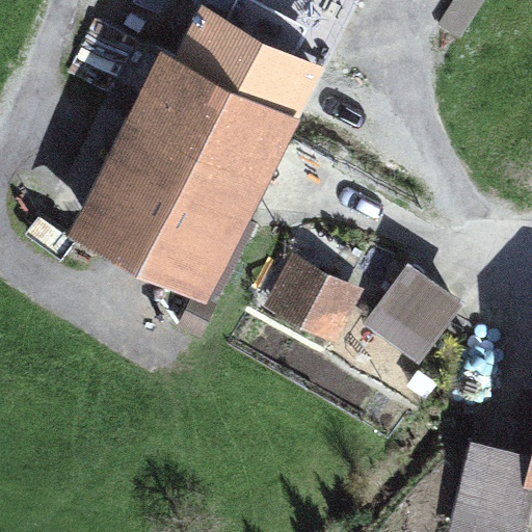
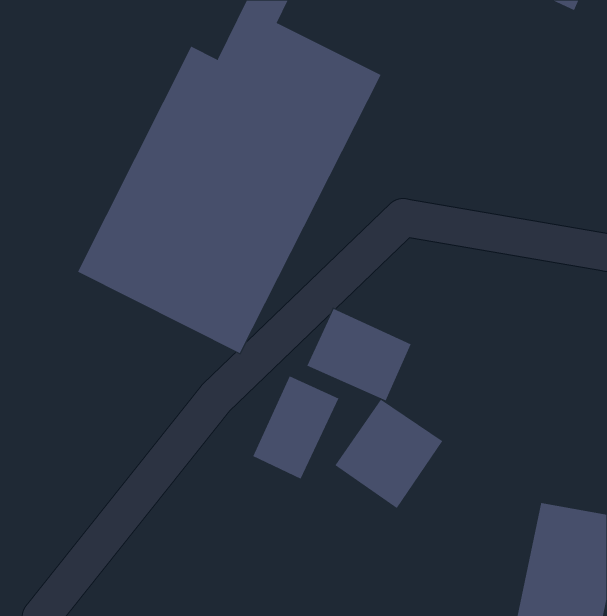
building: [362,267,455,362] -> [335,399,443,509]
building: none -> [253,376,339,479]

